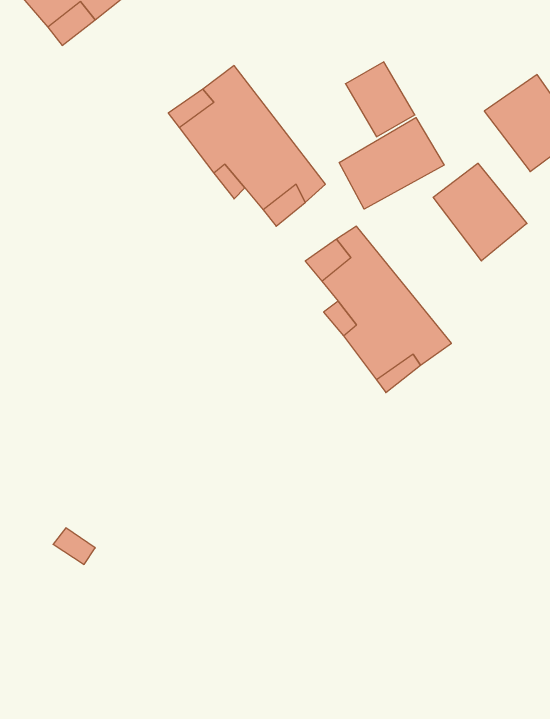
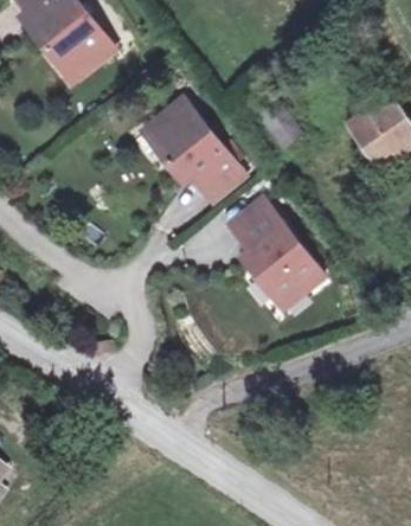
building: [339,118,444,209] -> none
building: [433,163,527,261] -> none

